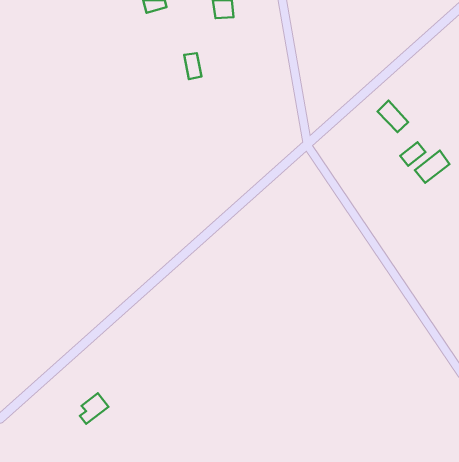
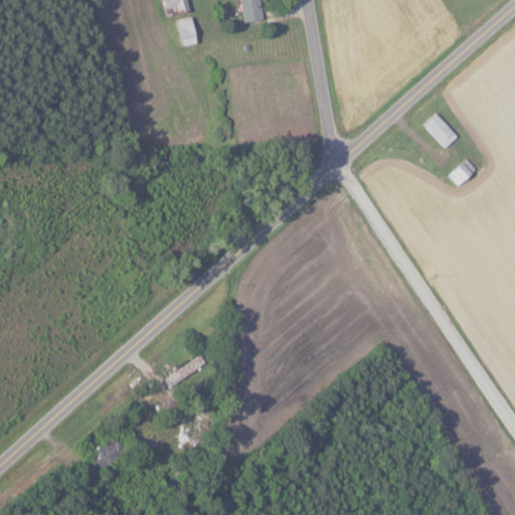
building: [184,53,201,79] -> [177,17,196,46]
building: [415,151,450,183] -> none

